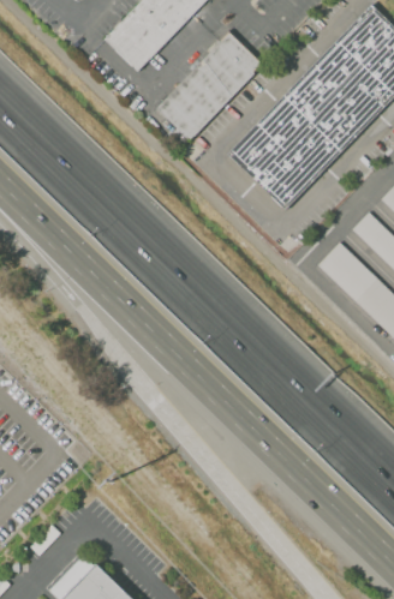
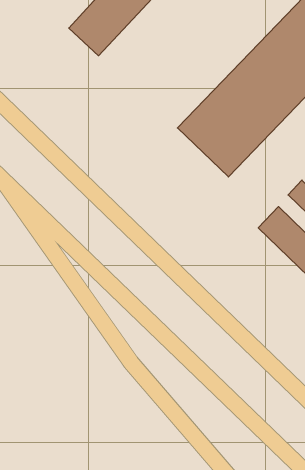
building: [157,34,263,142] -> none

